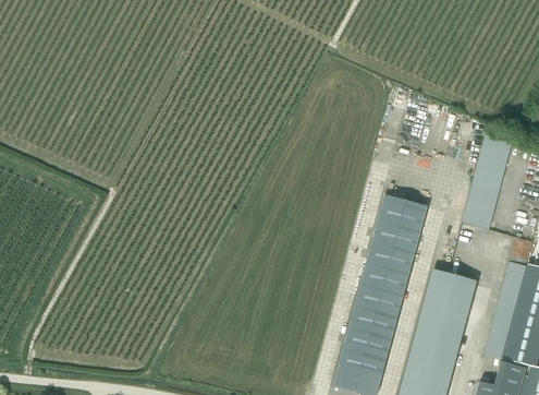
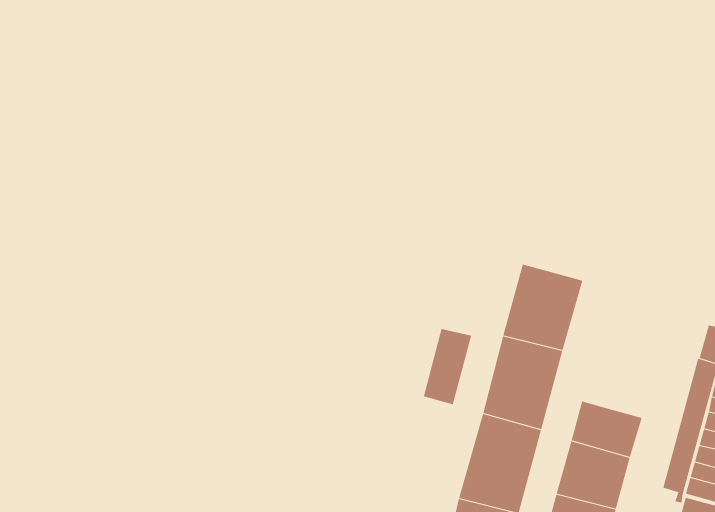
building: [463,134,512,228] -> none
building: none -> [423,328,472,405]
building: [427,270,476,304] -> none

